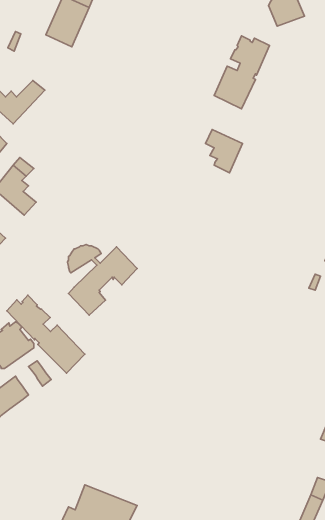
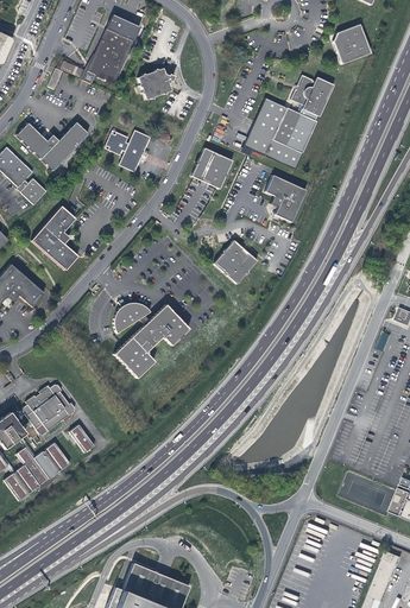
building: none -> [137,65,175,97]
building: none -> [246,99,303,169]
building: none -> [105,127,151,170]
building: none -> [191,146,233,188]
building: none -> [215,238,259,281]
building: [7,295,85,373] -> none

